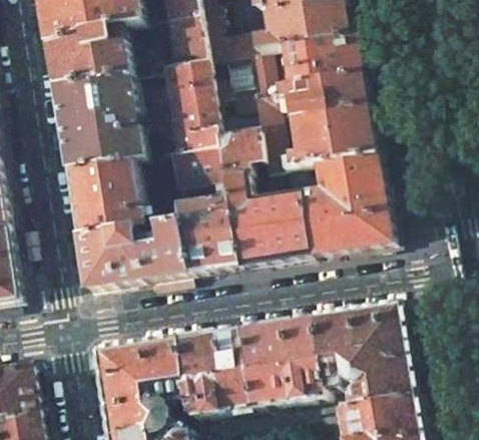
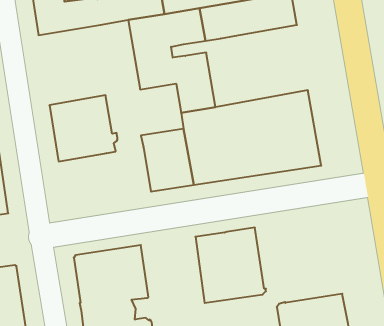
building: [51,73,139,169] -> none
building: [224,73,373,171] -> none
building: [165,143,221,186] -> none
building: [75,219,185,289] -> none
building: [310,302,414,406] -> none
building: [173,327,250,416] -> none

